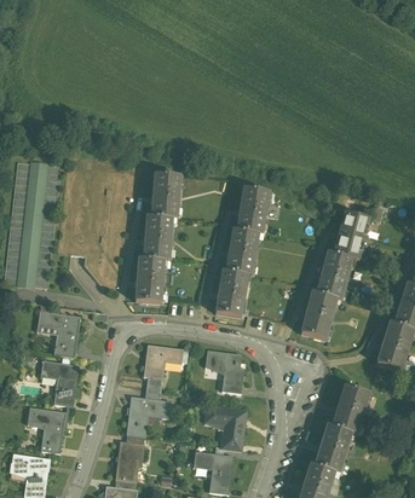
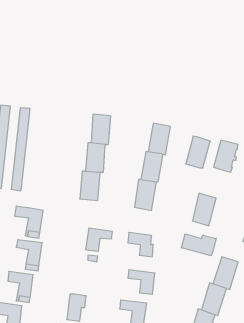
building: [316,251,352,299] -> [186,136,210,168]
building: none -> [182,234,216,256]
building: [126,396,172,436] -> none

